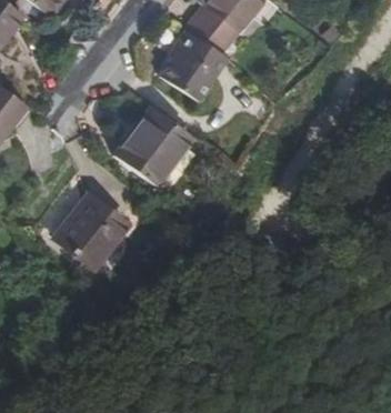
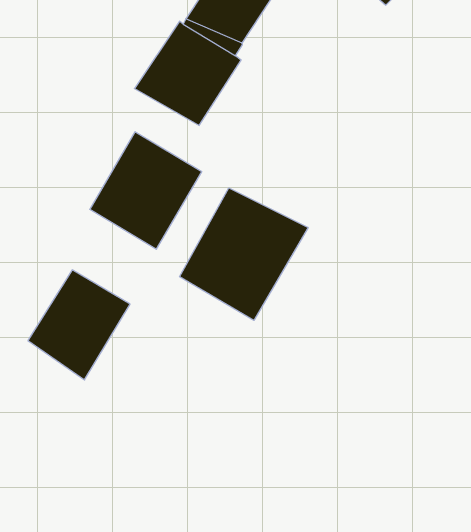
building: none -> [180,188,308,320]

